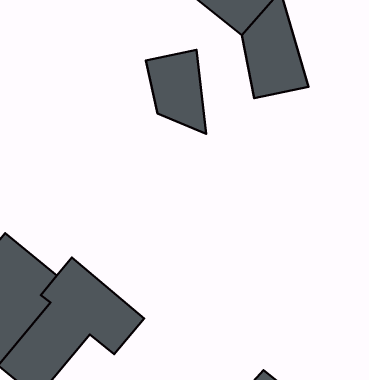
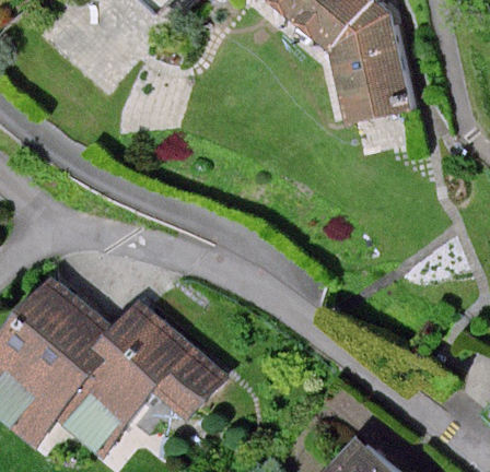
building: [146,50,206,134] -> none

